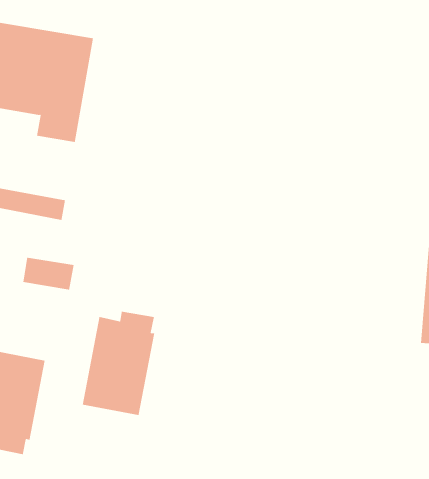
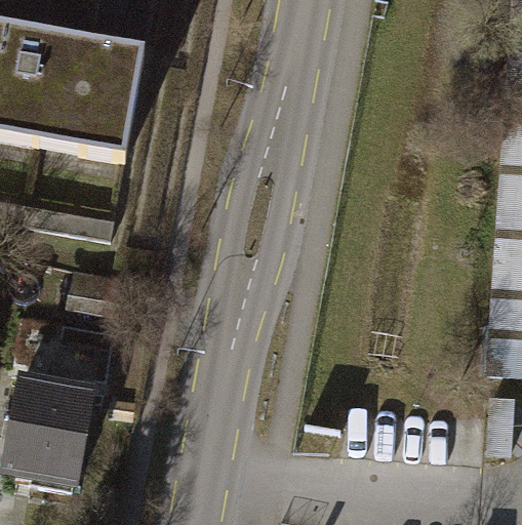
building: [82,311,155,416] -> none

